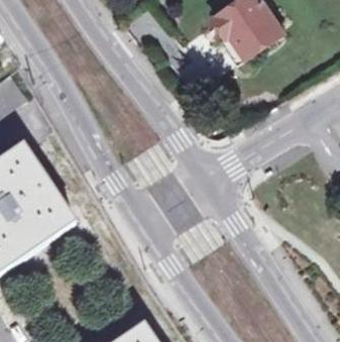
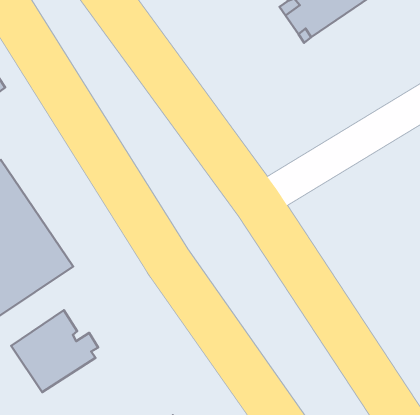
building: none -> [11,310,98,392]

